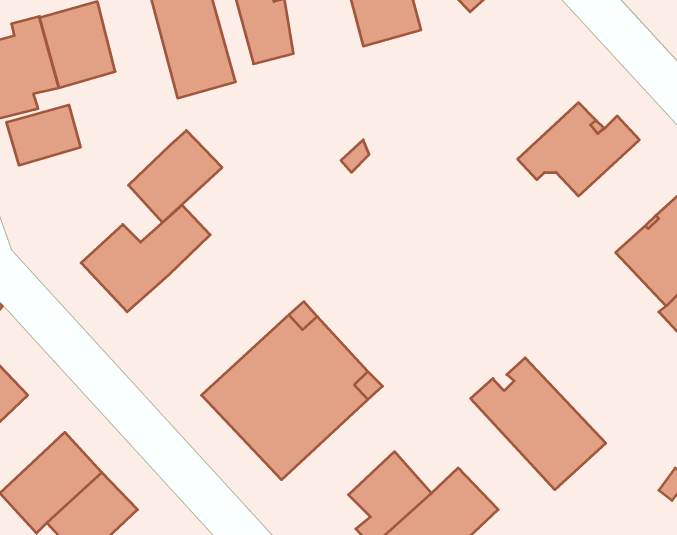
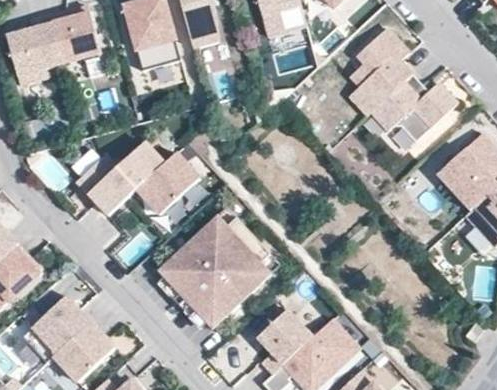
building: none -> [349,28,412,115]
building: [7,105,80,165] -> none
building: [128,130,222,222] -> [136,153,199,215]
building: [471,358,606,490] -> none

